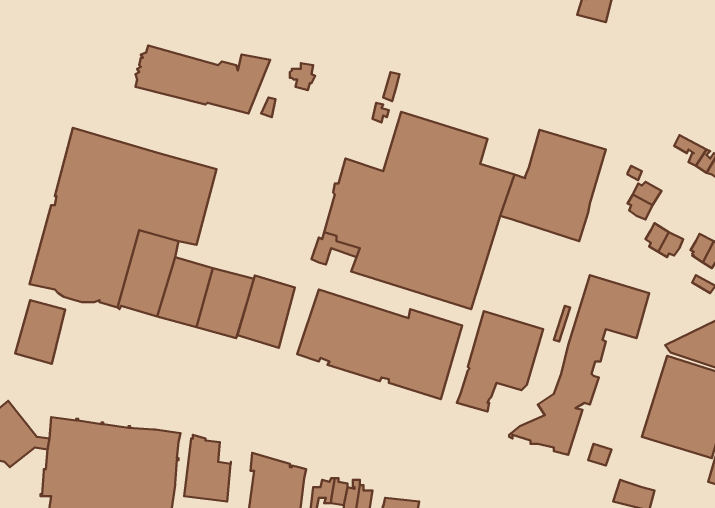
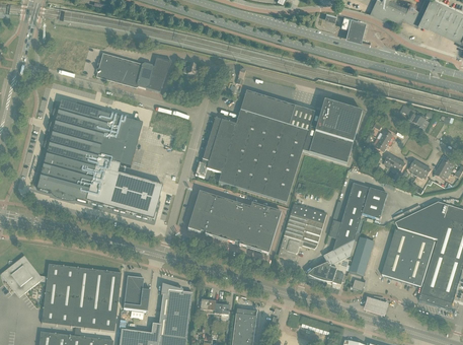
building: [237,276,295,348] -> none
building: [15,300,65,364] -> none
building: none -> [348,235,373,275]

